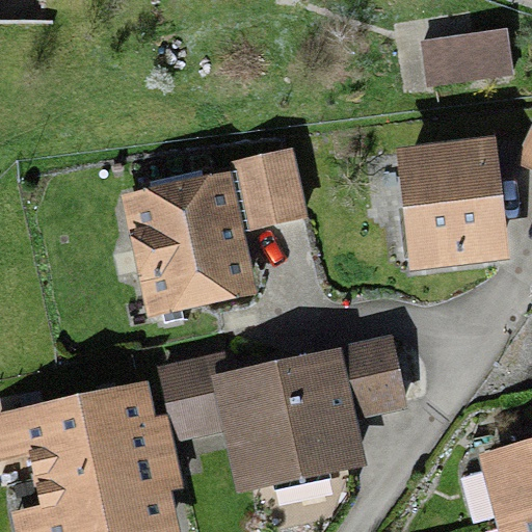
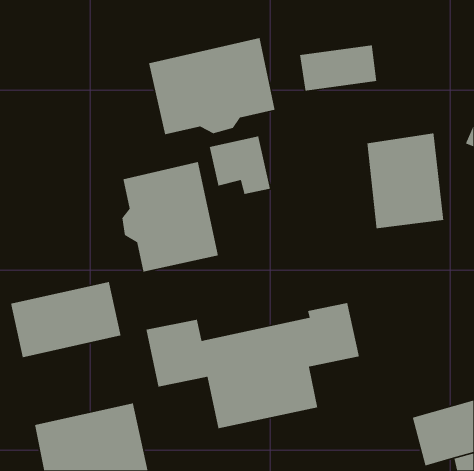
building: [424,30,511,83] -> [299,44,377,92]
building: none -> [148,37,276,135]
building: [25,390,150,476] -> [10,281,121,358]

